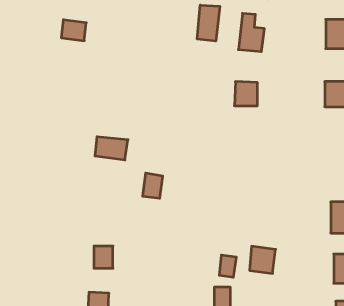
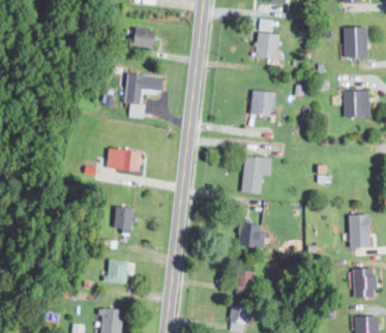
building: [197,5,220,41] -> none
building: [61,20,86,41] -> [129,28,155,50]
building: none -> [125,74,162,104]
building: none -> [236,155,266,192]
building: [143,173,163,198] -> [113,206,133,232]
building: [250,246,276,273] -> [238,220,265,248]

